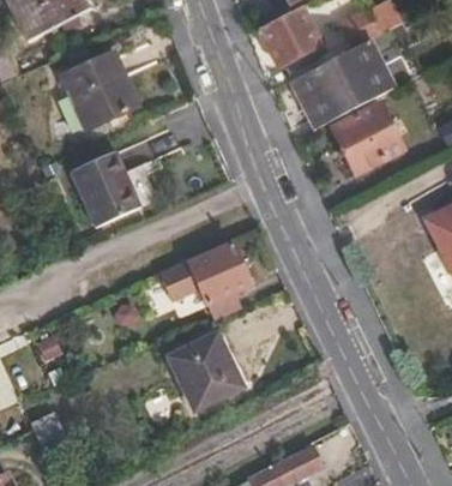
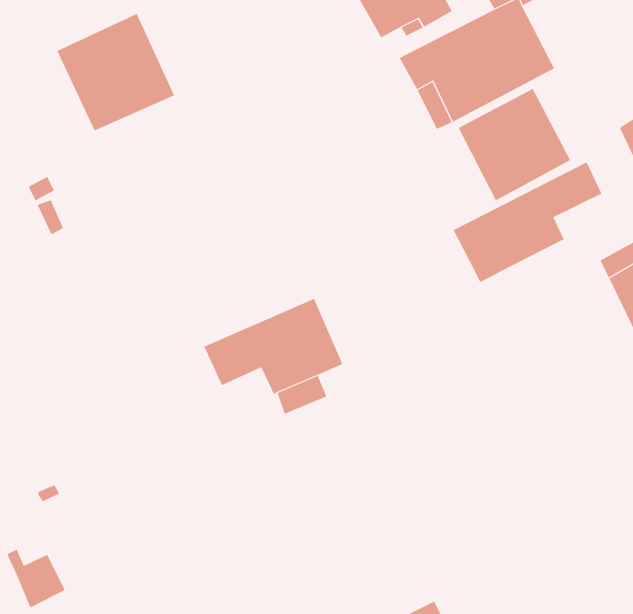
building: none -> [453,162,602,283]
building: [71,150,141,227] -> none
building: [169,332,242,410] -> none

